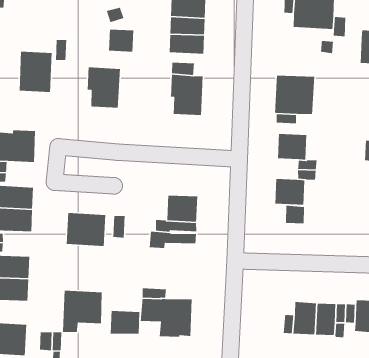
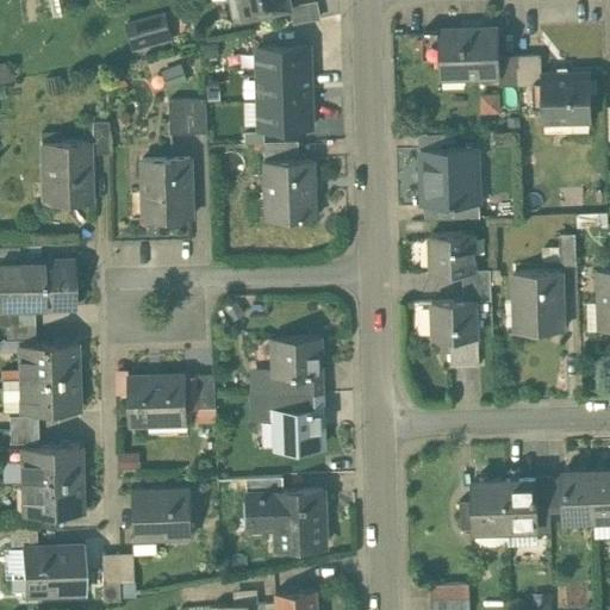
building: none -> [517,57,541,88]
building: none -> [513,273,562,335]
building: none -> [276,410,323,450]
building: [110,310,140,335] -> none

